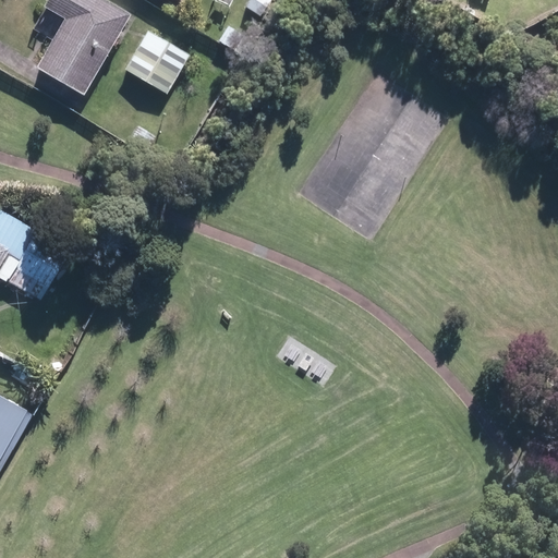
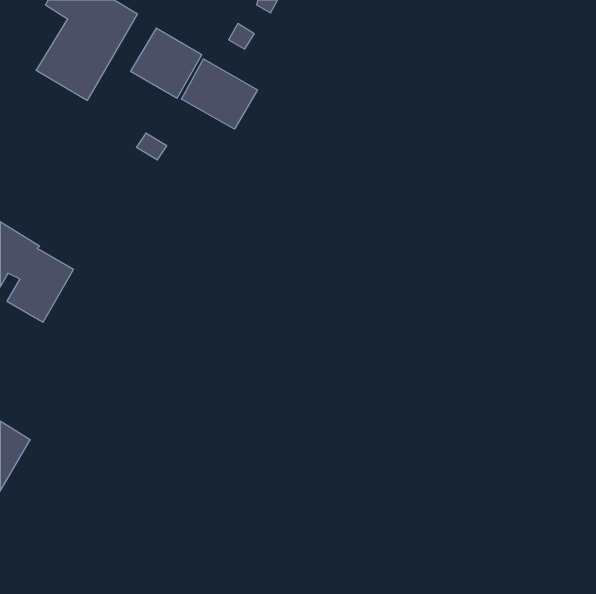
building: none -> [181,59,257,129]

